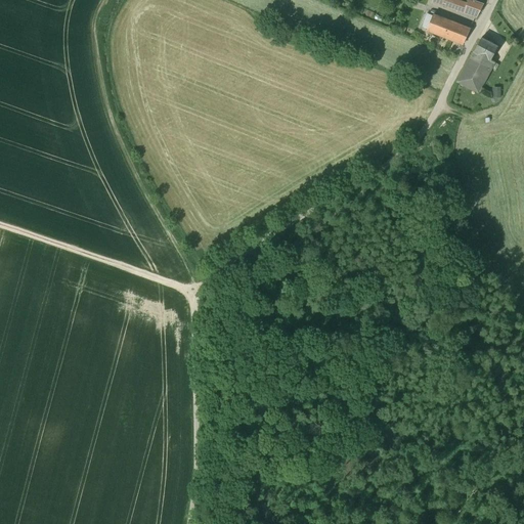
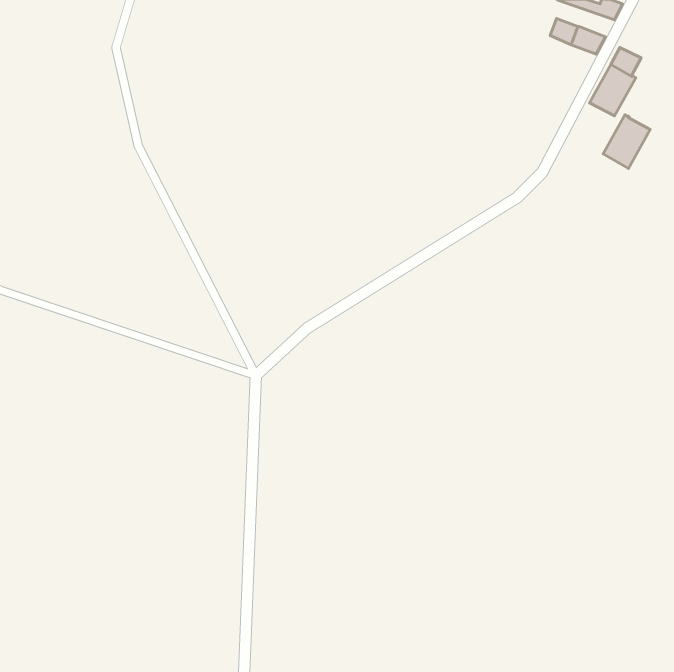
building: none -> [603,115,650,169]

